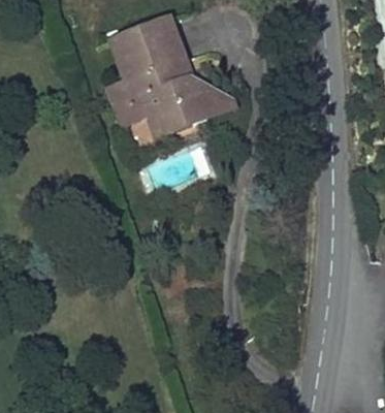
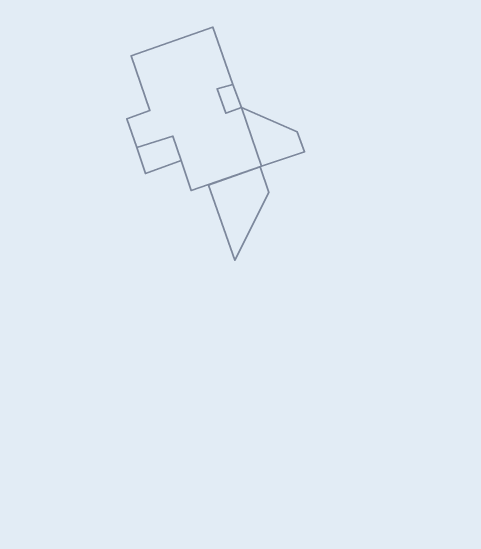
building: none -> [208,167,269,260]

